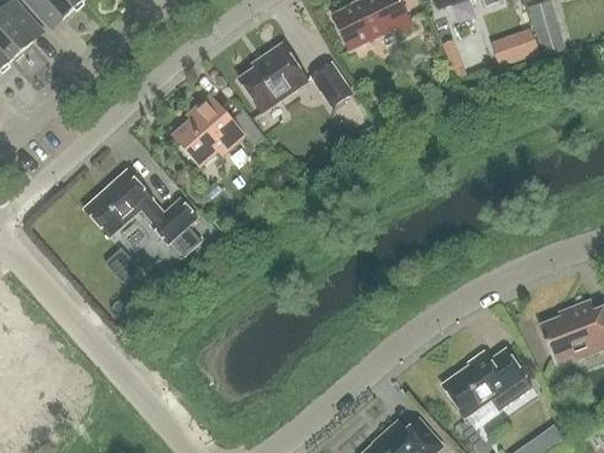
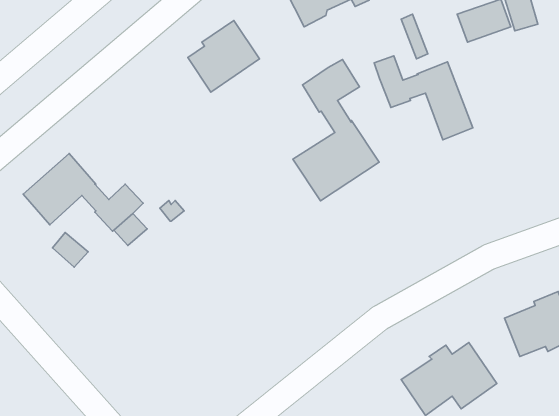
building: [312,63,353,108] -> none
building: none -> [374,56,473,140]
building: none -> [293,59,379,201]
building: [173,95,262,164] -> none

